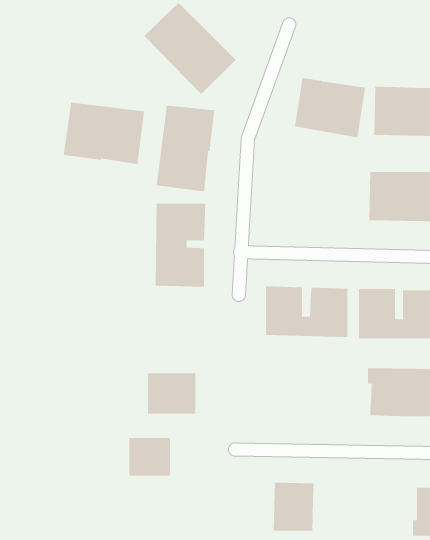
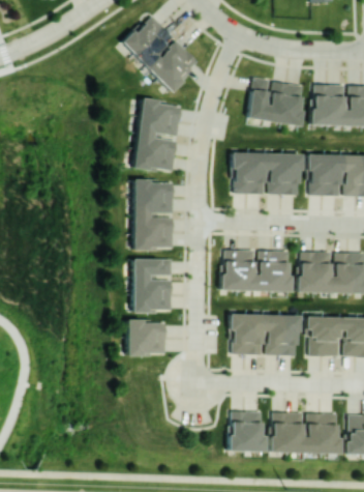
building: [63,102,145,165] -> none
building: none -> [233,152,302,195]
building: none -> [132,258,173,311]
building: none -> [232,314,300,355]
building: [129,437,171,477] -> none
building: none -> [271,411,340,453]

